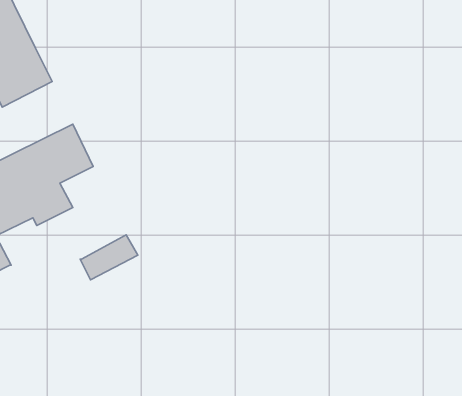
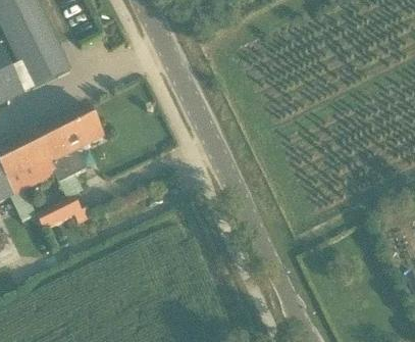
building: [80,235,138,280] -> [37,194,83,230]

